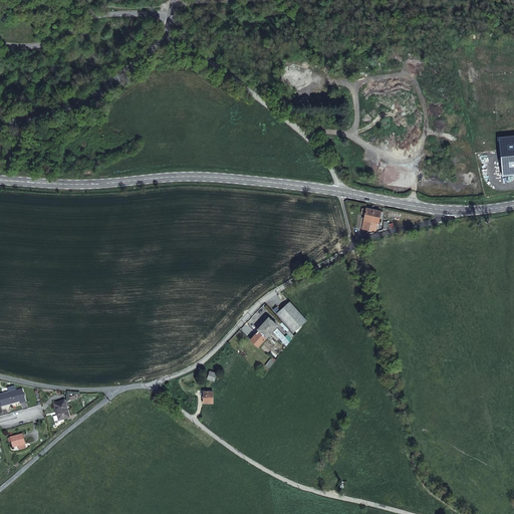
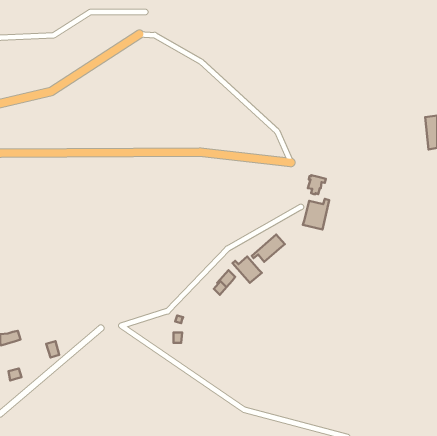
building: none -> [303,199,329,229]
building: none -> [252,234,285,262]

